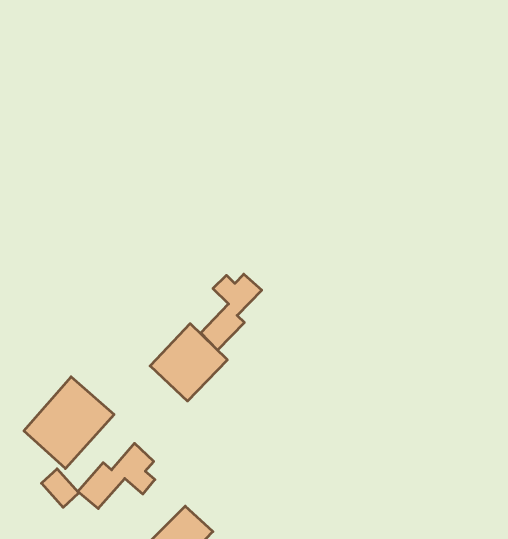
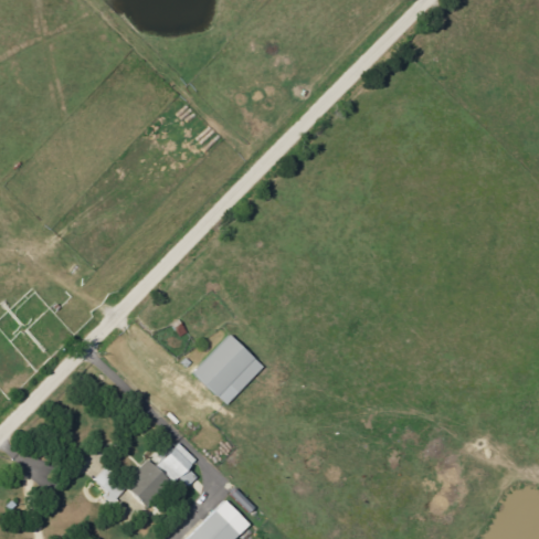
building: [201,274,262,350] -> none
building: [24,377,114,469] -> none

